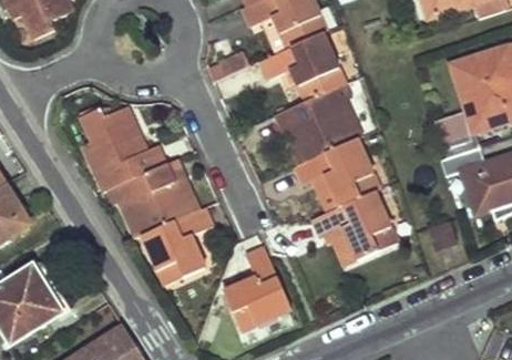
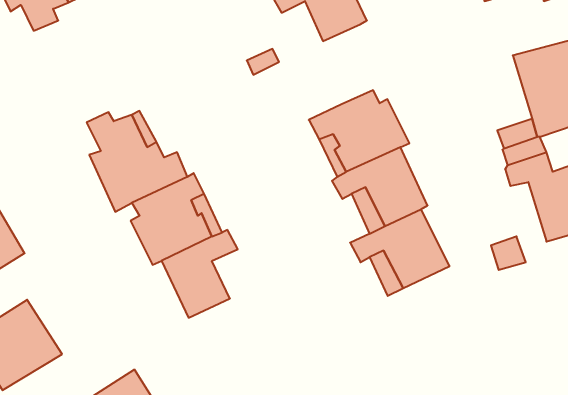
building: [259,31,344,100] -> none
building: [222,246,295,331] -> none

